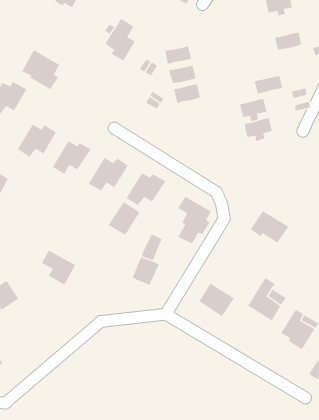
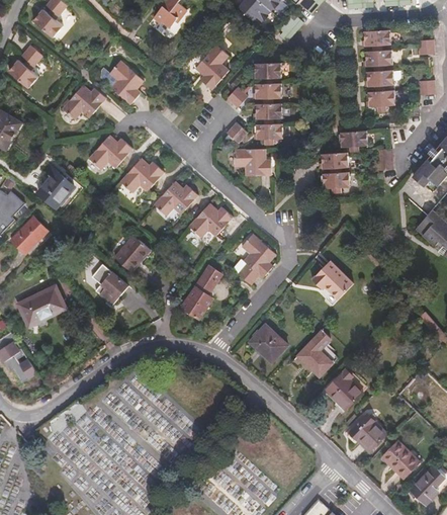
building: none -> [366,69,393,90]
building: none -> [253,63,280,78]
building: none -> [233,150,271,176]
building: [108,201,140,236] -> [116,238,152,273]

